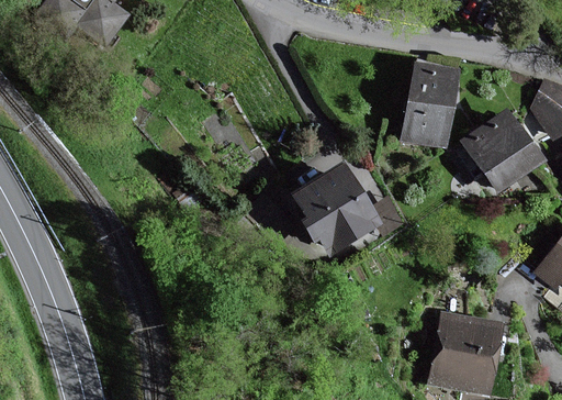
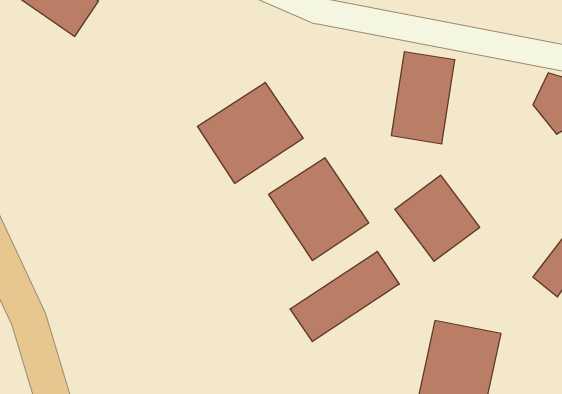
building: none -> [197,82,303,183]
building: [463,110,542,190] -> [395,175,480,261]
building: none -> [290,251,399,342]

